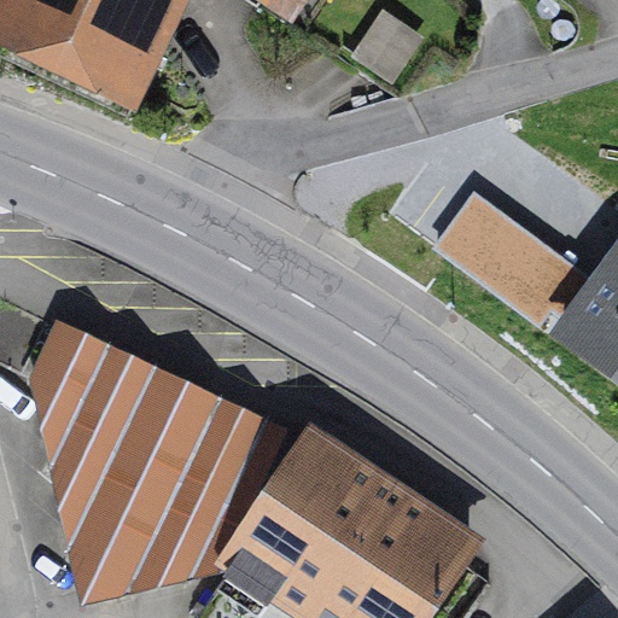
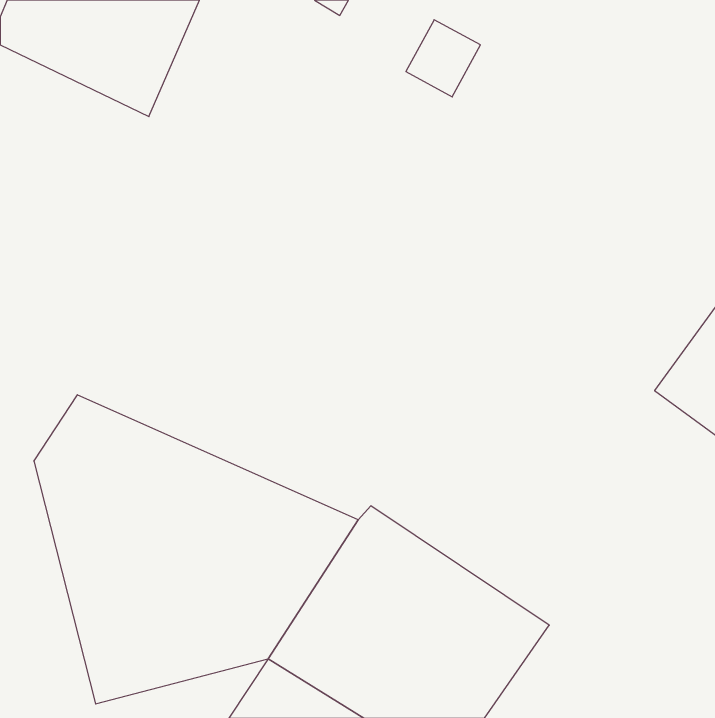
building: [435,191,594,334] -> none

